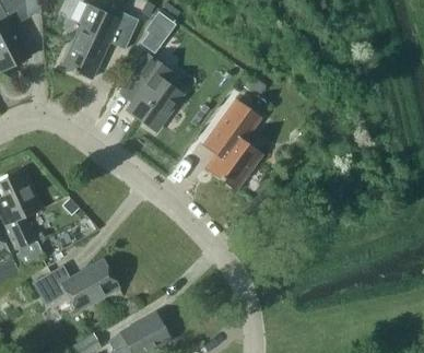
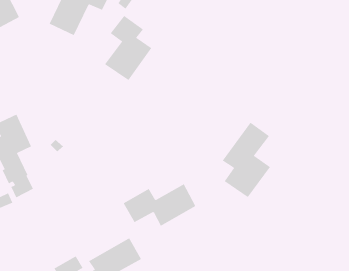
building: [204,101,261,189] -> [222,122,271,198]
building: [33,260,118,310] -> [123,183,196,227]

